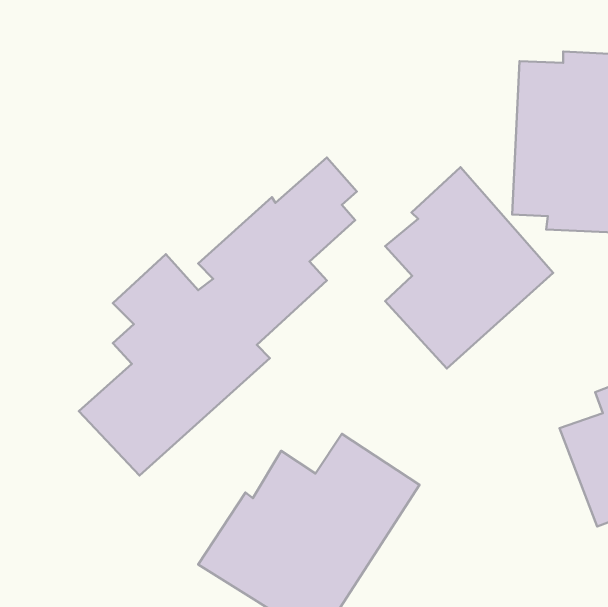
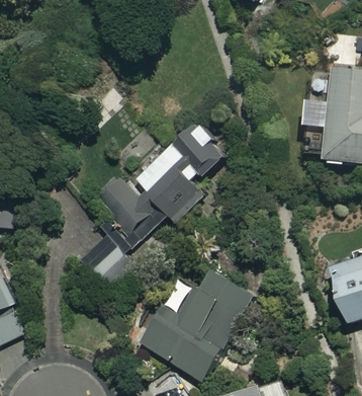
building: [385,167,553,369] -> none

